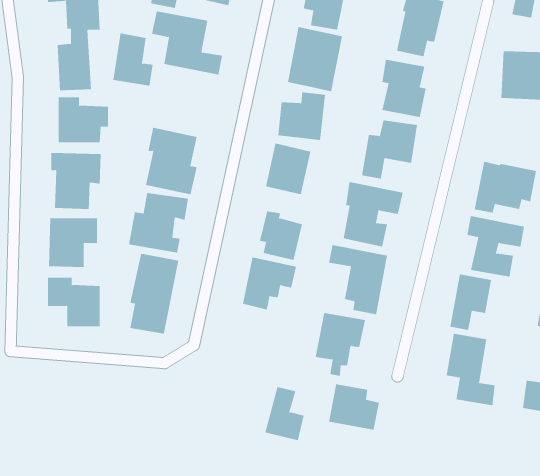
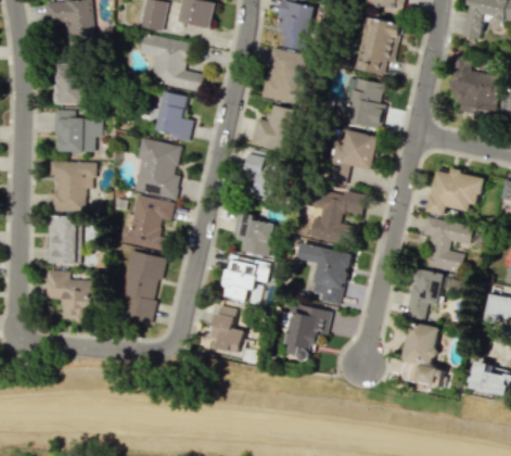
building: [112,33,154,86] -> [155,91,192,139]
building: [328,383,380,431] -> none
building: [265,386,305,441] -> [208,305,244,354]

